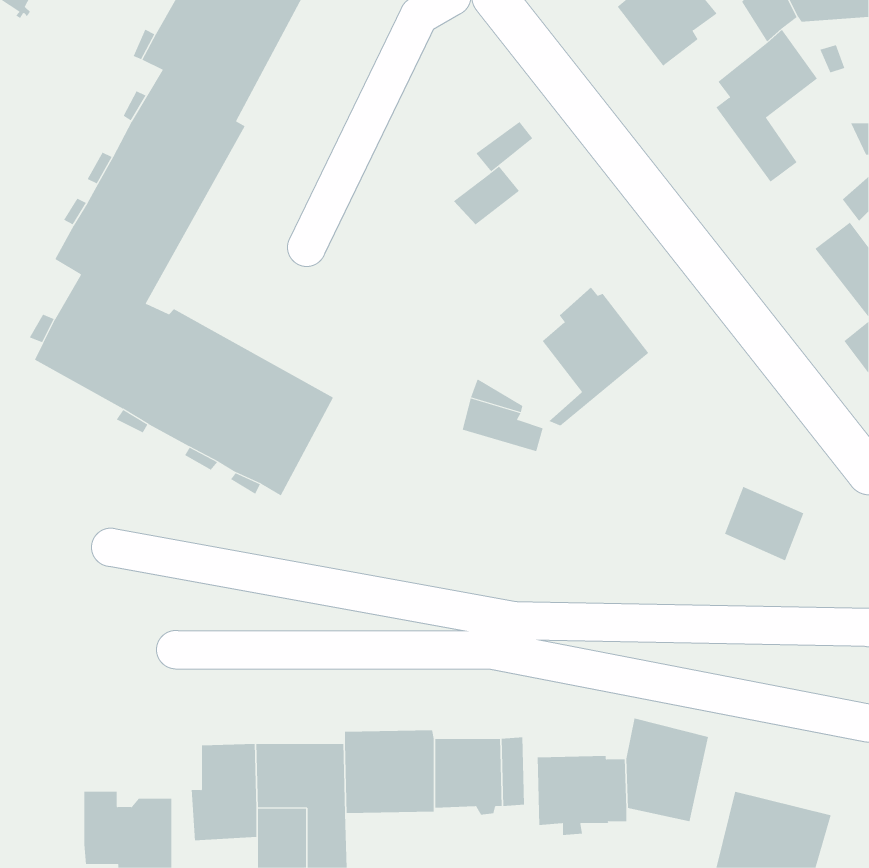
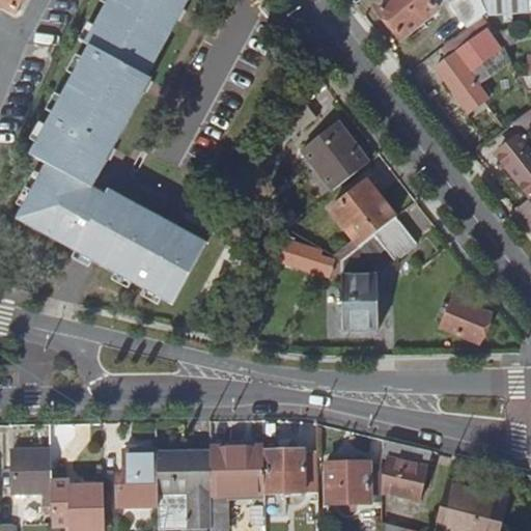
building: none -> [303,122,368,189]
building: none -> [341,215,416,331]
building: none -> [11,450,51,513]

